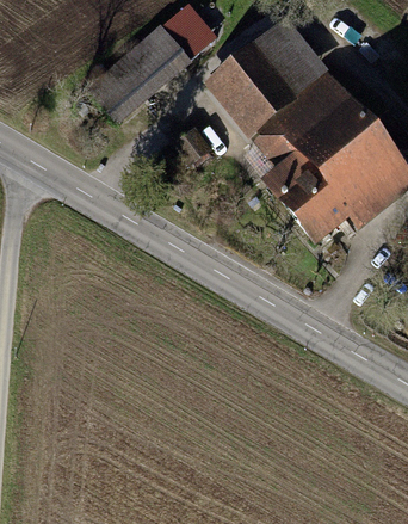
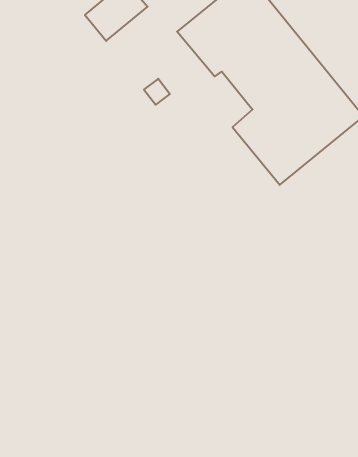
building: [94,67,146,118] -> none

